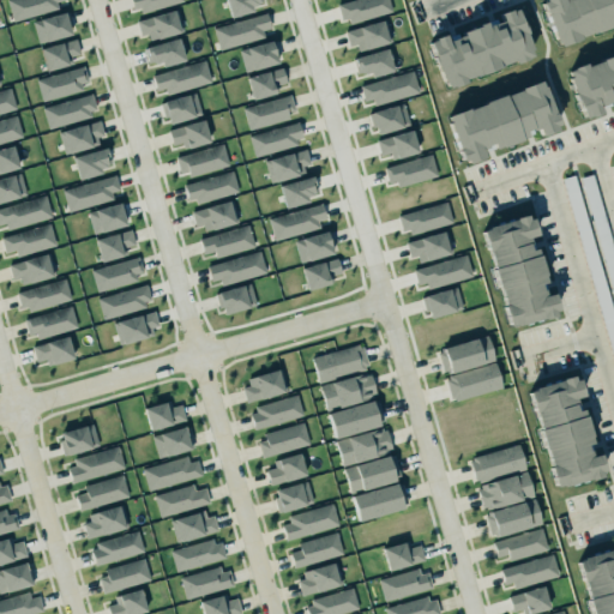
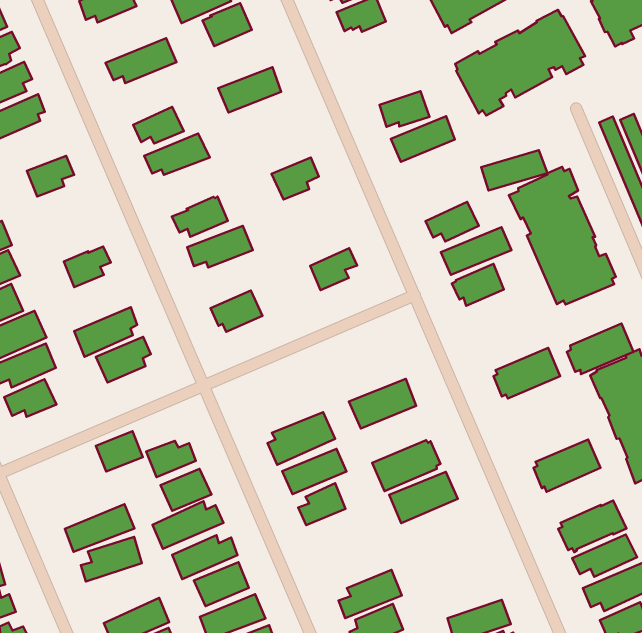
building: [149,41,187,67] -> none
building: [248,67,289,100] -> none
building: [361,70,420,103] -> none
building: [162,91,204,122] -> none
building: [369,102,410,132] -> none
building: [62,121,109,154] -> none
building: [251,121,305,157] -> none
building: [266,149,312,182] -> none
building: [187,171,242,206] -> none
building: [65,174,121,211] -> none
building: [89,201,128,233] -> none
building: [401,205,456,234] -> [481,150,547,191]
building: [272,206,330,239] -> none
building: [297,233,337,264] -> none
building: [209,251,267,284] -> none
building: [92,255,145,291] -> none
building: [439,335,495,373] -> [567,323,634,374]
building: [312,343,371,385] -> none
building: [245,373,290,402] -> none
building: [327,398,385,438] -> none
building: [64,425,102,456] -> [96,431,143,472]
building: [478,471,534,508] -> none
building: [276,481,314,512] -> none
building: [351,481,409,522] -> none
building: [284,506,342,541] -> none
building: [84,507,132,540] -> none
building: [386,542,427,571] -> none

